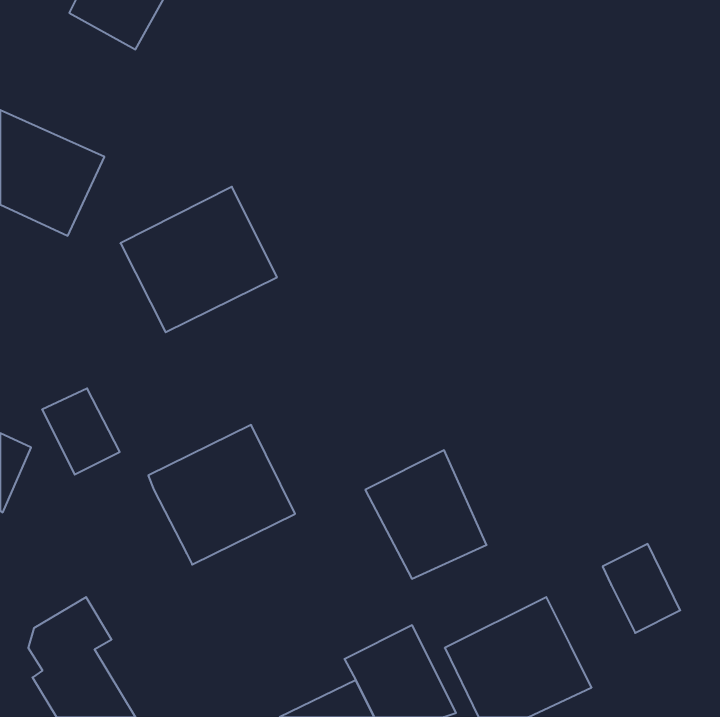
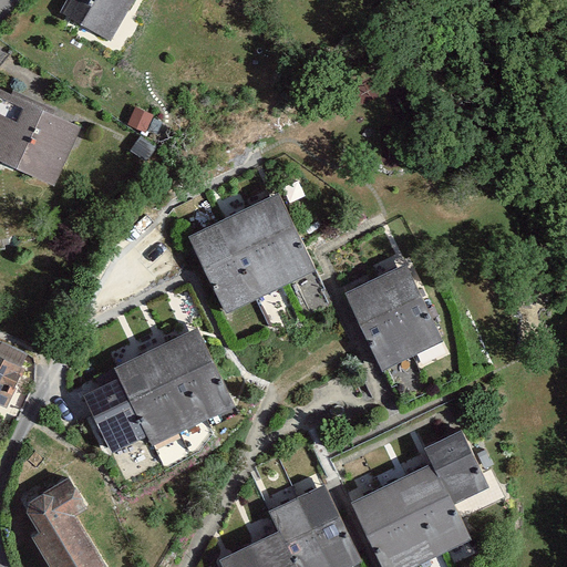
building: [120,187,277,332] -> [189,197,312,311]
building: [42,388,120,475] -> [86,384,147,452]
building: [365,450,487,579] -> [343,267,439,368]
building: [603,544,680,633] -> [423,436,484,506]

